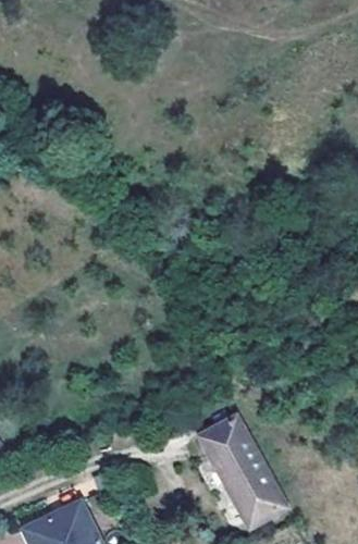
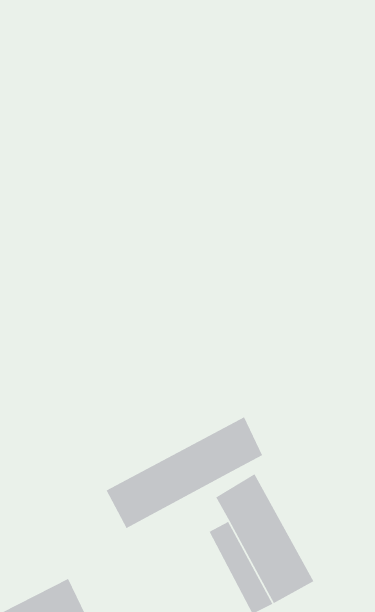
building: none -> [105,416,263,529]

